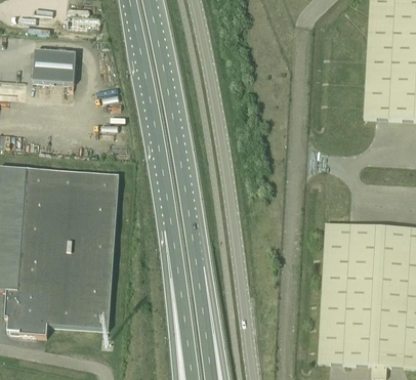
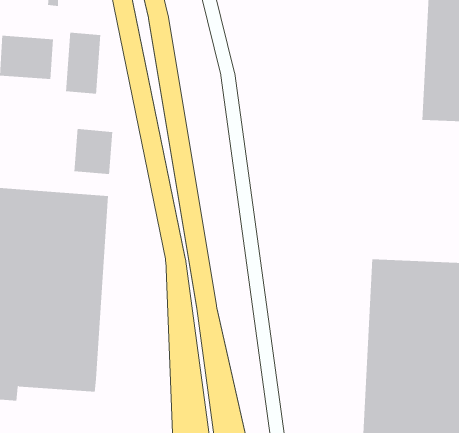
building: none -> [65,32,101,95]
building: none -> [74,128,113,175]

